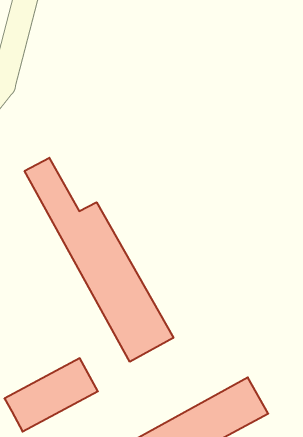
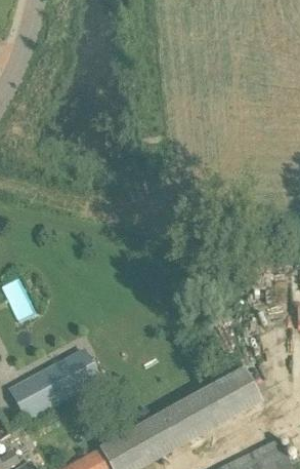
building: [25,158,173,362] -> none

